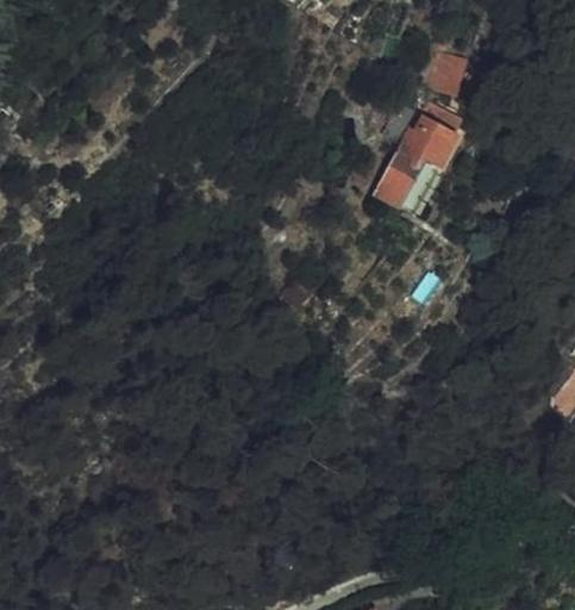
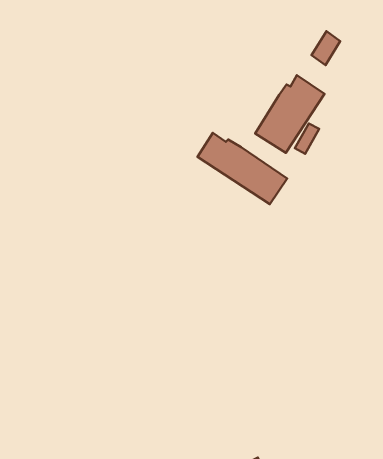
building: none -> [198,133,287,204]

